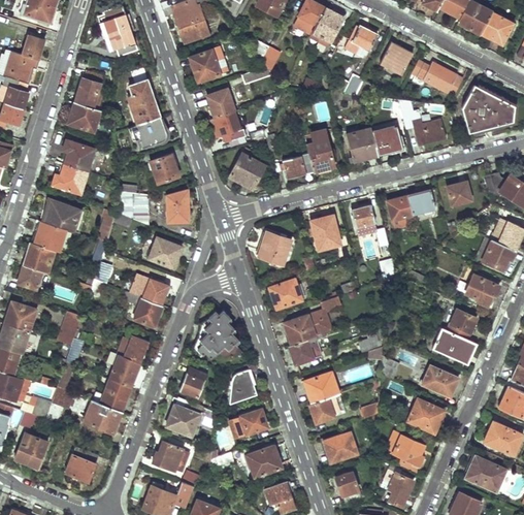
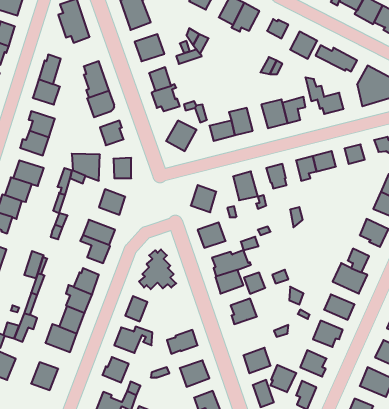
building: [230,369,256,404] -> none
building: [308,395,334,421] -> [244,273,265,294]
building: none -> [271,365,296,392]

